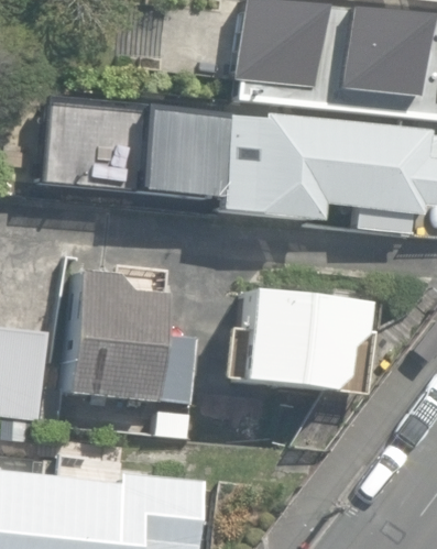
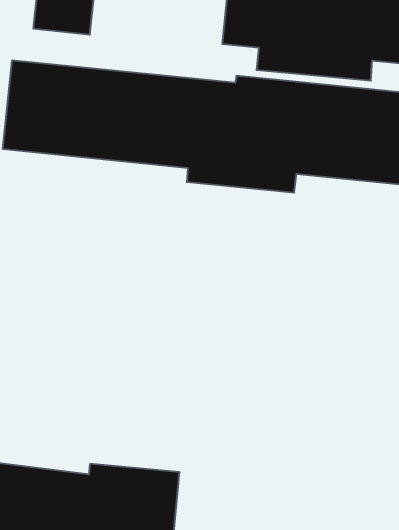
building: [72,268,206,404] -> none
building: [237,290,370,387] -> none

